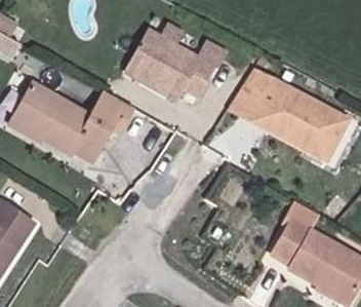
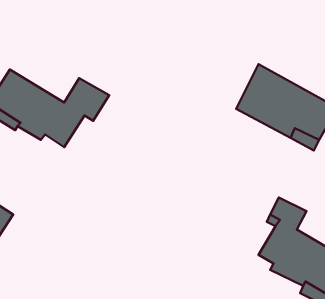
building: [124,29,215,99] -> none
building: [232,66,274,119] -> none

